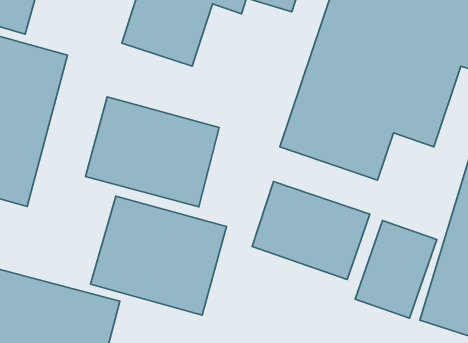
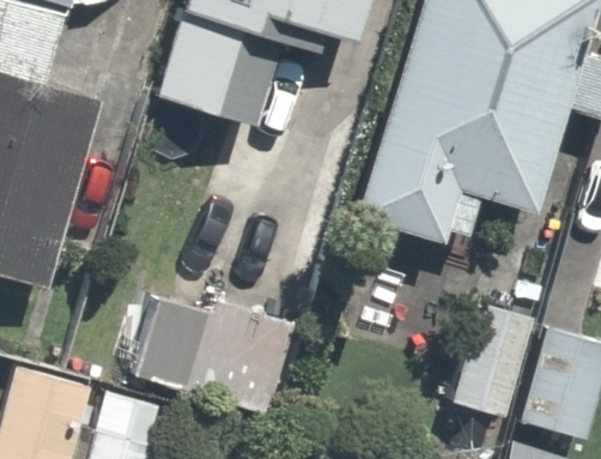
building: [85,97,219,207] -> none
building: [252,181,370,280] -> none

